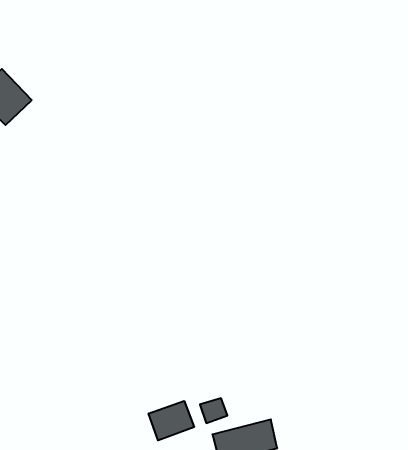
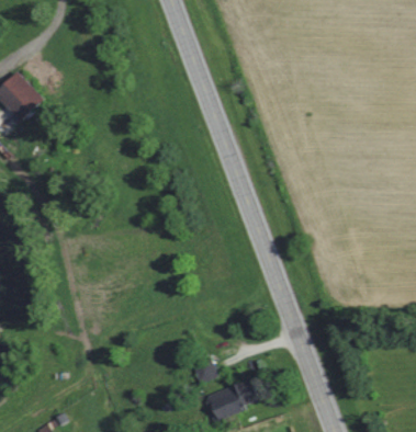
building: [149,401,194,440] -> none

